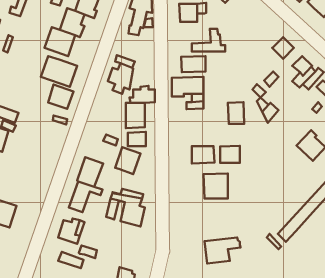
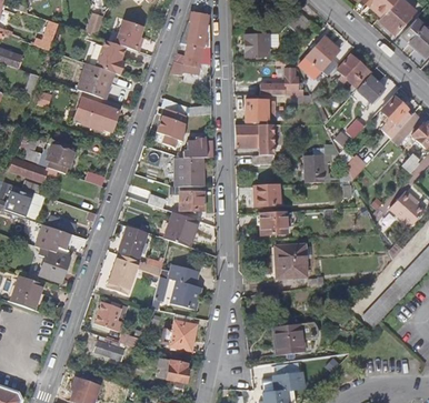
building: none -> [299,34,340,77]
building: none -> [338,56,371,88]
building: [48,84,73,109] -> [43,143,74,173]
building: [220,146,240,163] -> [252,182,277,203]
building: none -> [38,228,71,282]
building: none -> [162,312,196,349]

